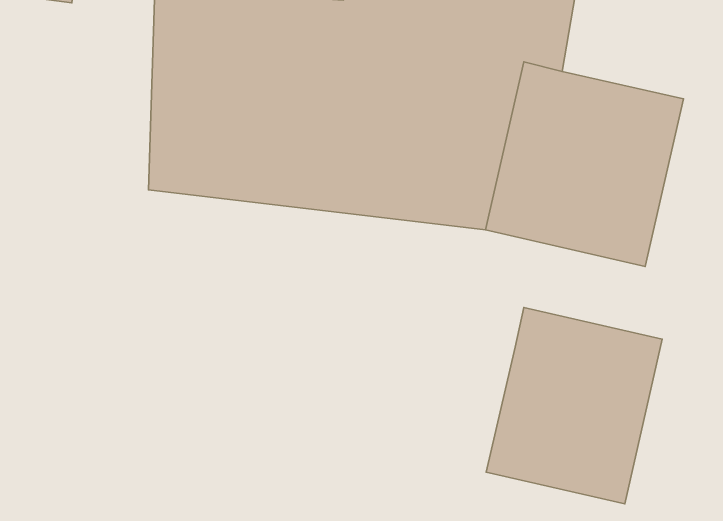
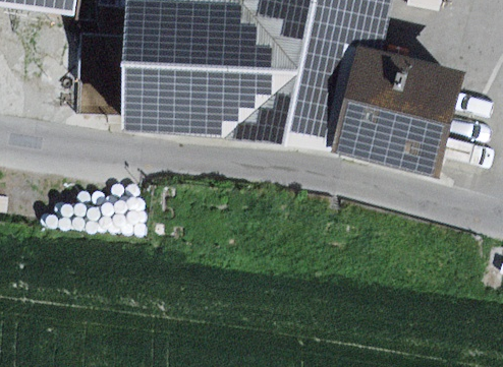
building: [486,307,662,504] -> none

